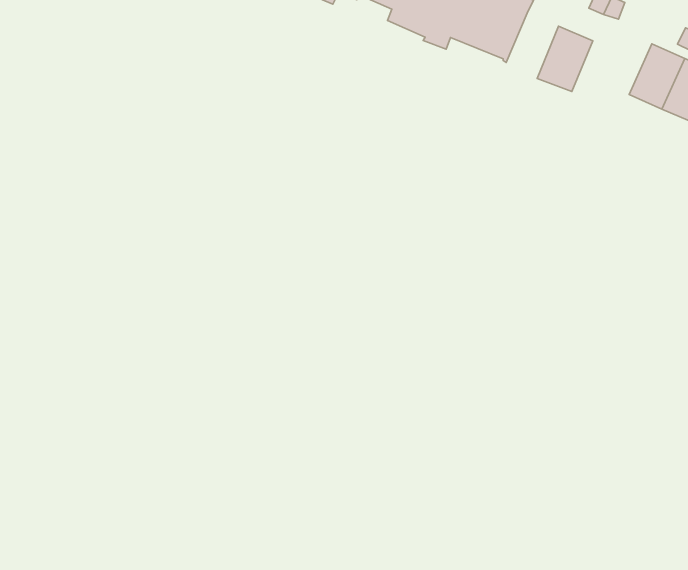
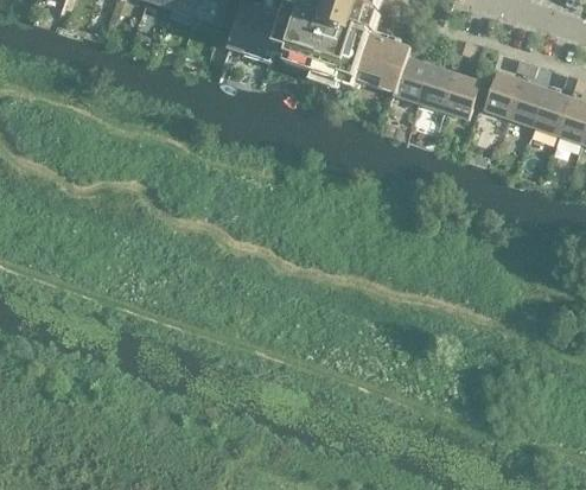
building: none -> [390,57,428,102]
building: none -> [441,72,478,119]

